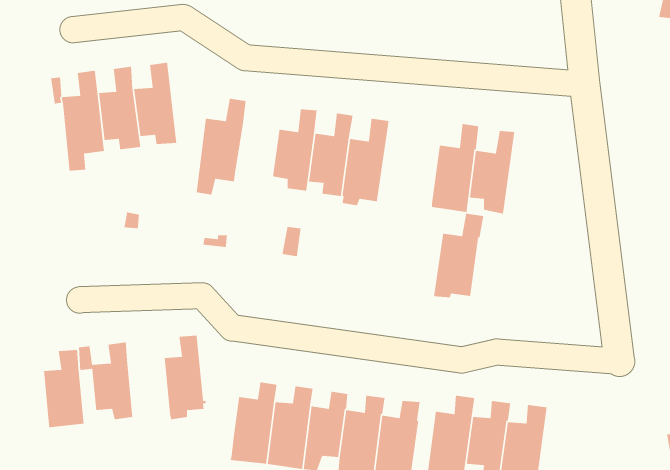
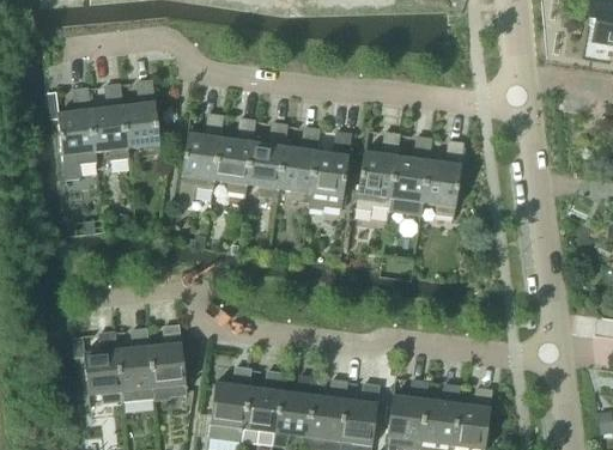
building: none -> [214,118,256,194]
building: [433,213,484,298] -> [356,133,401,209]
building: [43,349,85,428] -> [117,329,154,400]

